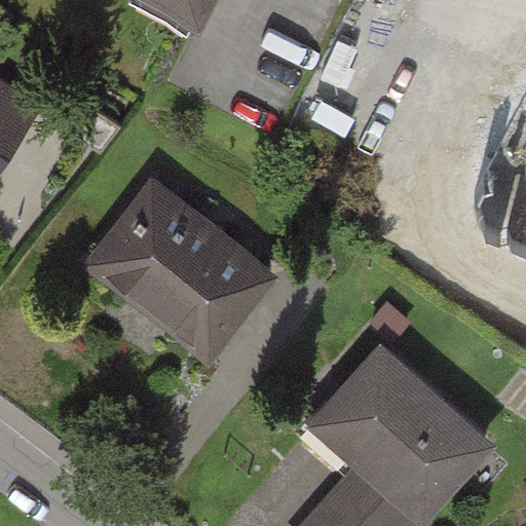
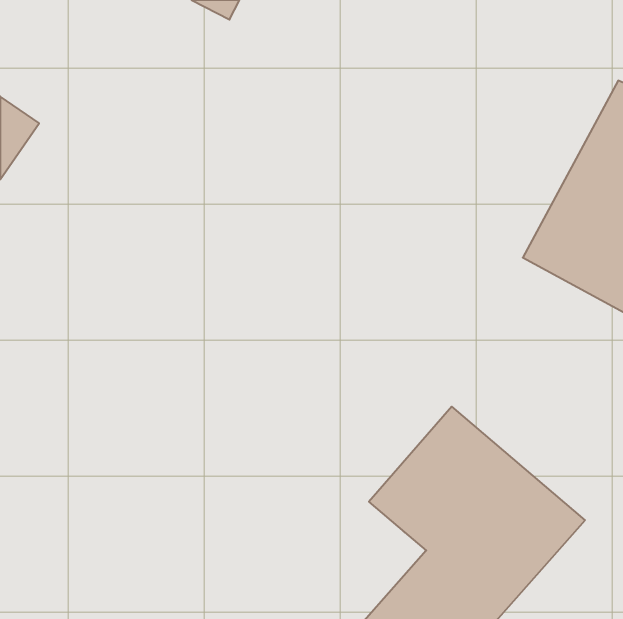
building: [89,182,277,362] -> none

